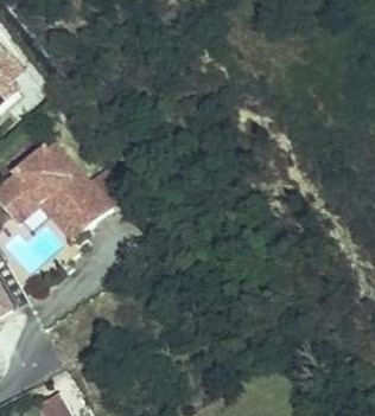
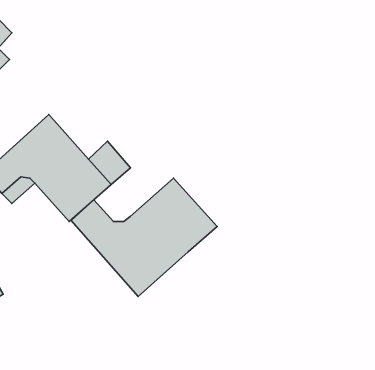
building: none -> [71,178,217,297]

